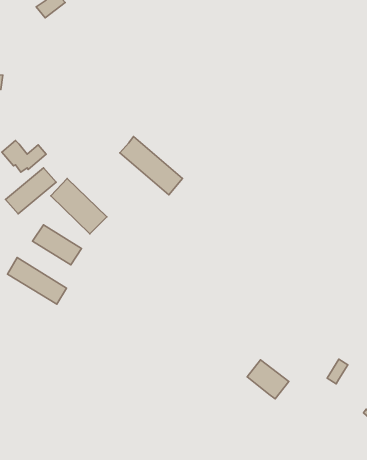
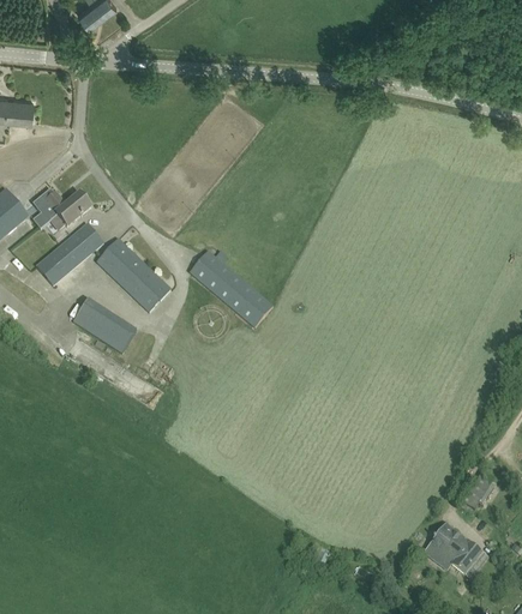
building: [120,137,182,195] -> [188,249,271,326]
building: [8,258,67,304] -> none
building: [247,360,289,399] -> [427,523,482,574]

